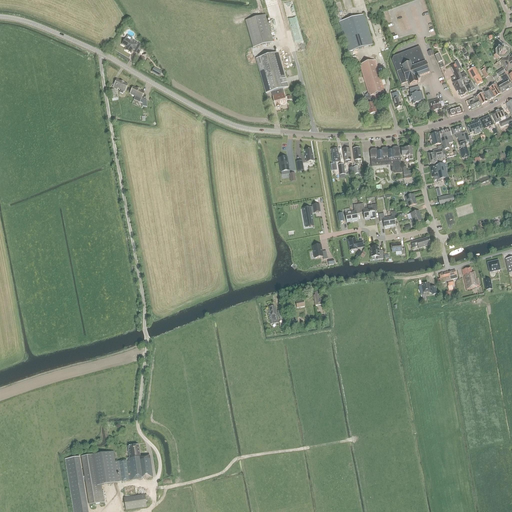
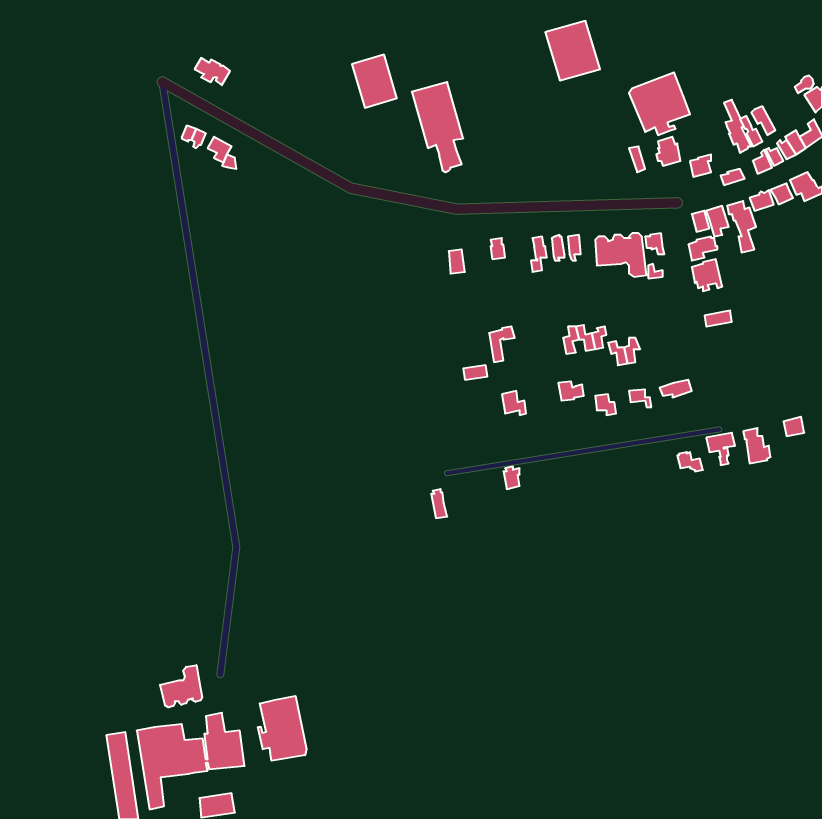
building: [245,13,273,46] -> [352,55,397,108]
building: [359,59,384,113] -> none
building: none -> [160,665,202,707]
building: none -> [258,696,307,761]

